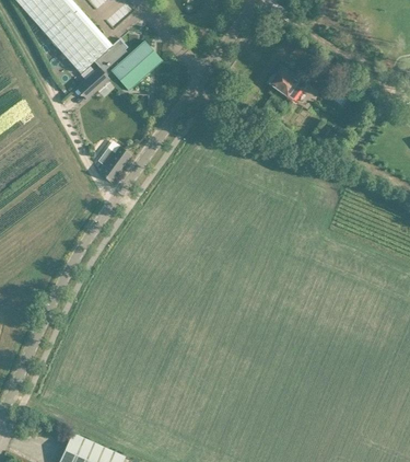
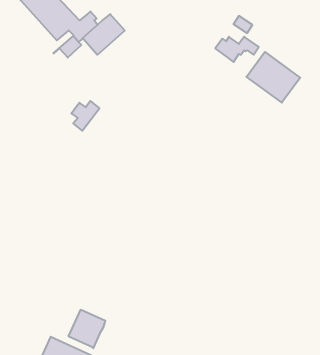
building: none -> [246,52,300,103]
building: none -> [69,310,105,348]

